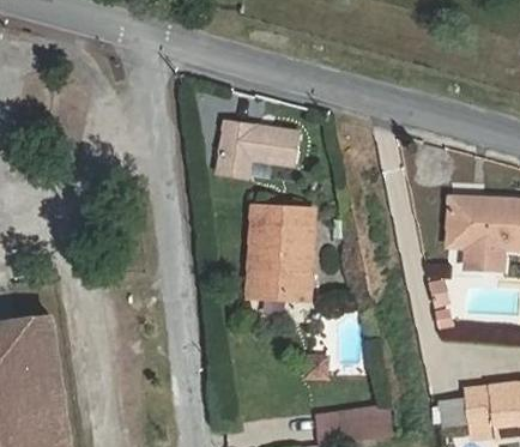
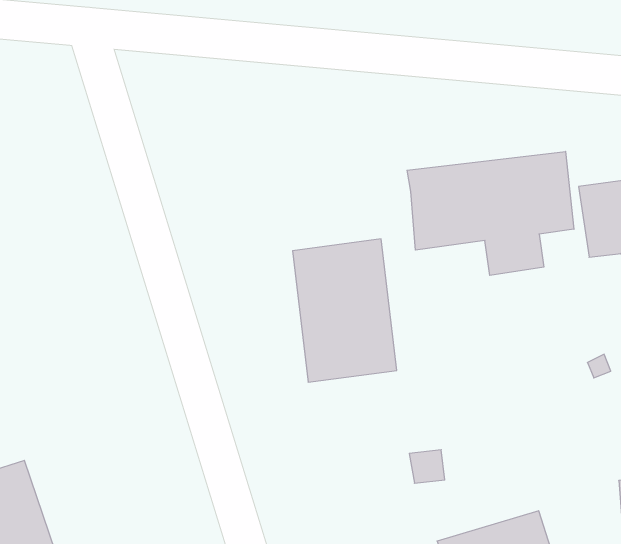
building: [217,122,300,176] -> none
building: none -> [407,151,574,275]

